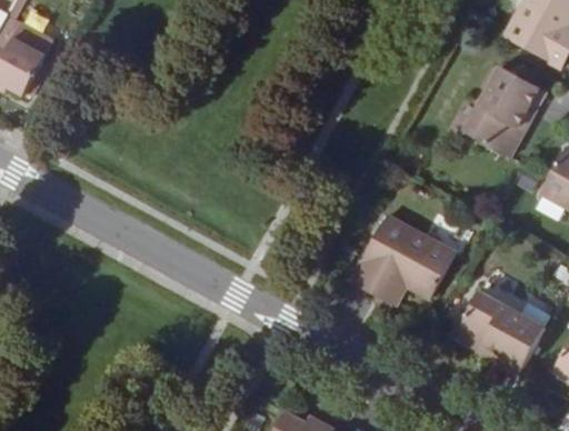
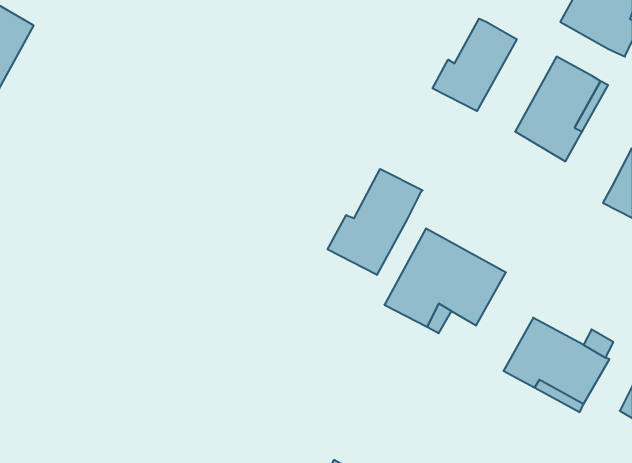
building: none -> [433,19,517,111]
building: none -> [328,169,423,275]

